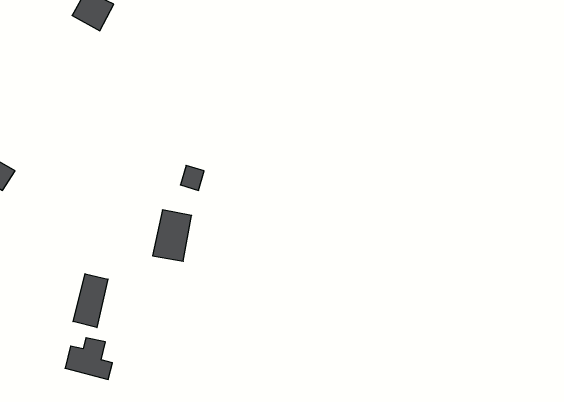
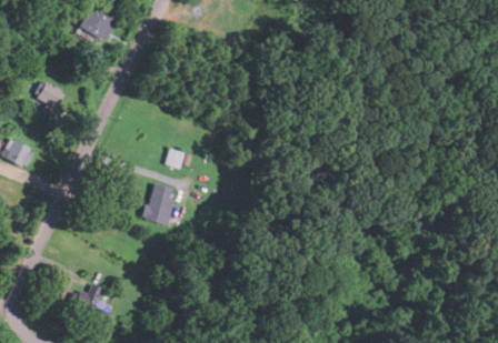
building: none -> [33,80,64,109]
building: [73,274,108,328] -> none

